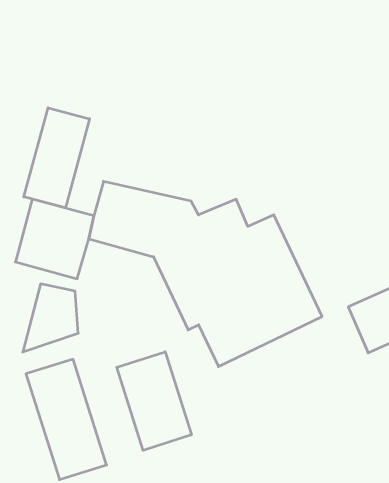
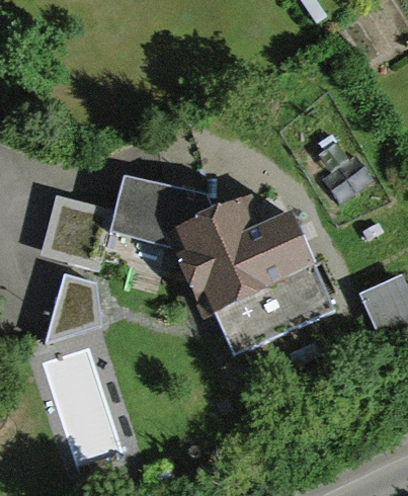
building: [24,108,90,208] -> none
building: [117,352,191,450] -> none

